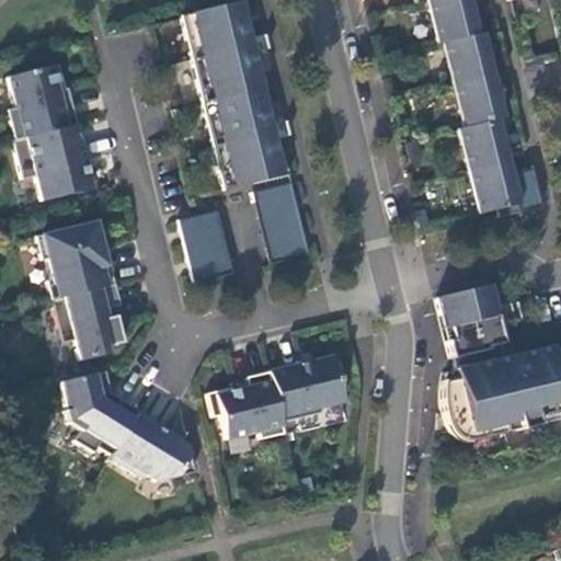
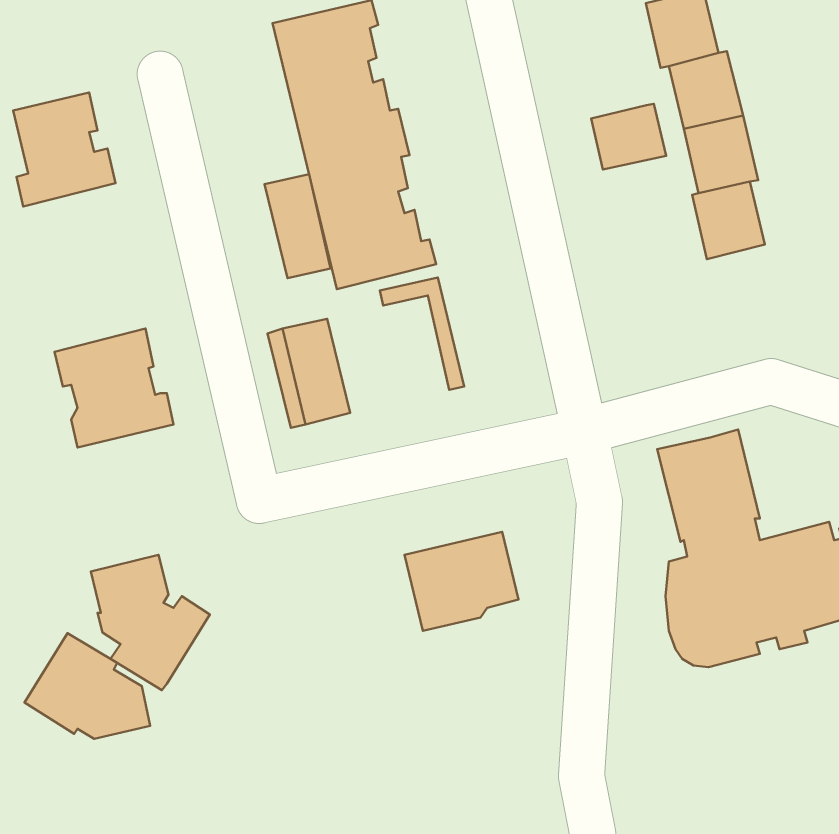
building: none -> [591,104,666,169]
building: [16,122,95,198] -> none
building: [472,162,545,215] -> none
building: [257,196,301,265] -> [265,174,331,278]
building: [55,282,125,357] -> none
building: [209,368,287,436] -> none
building: [114,408,197,478] -> [25,633,150,739]

